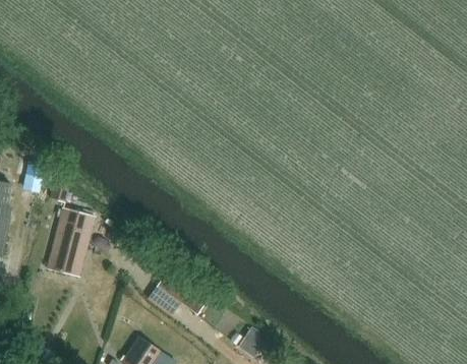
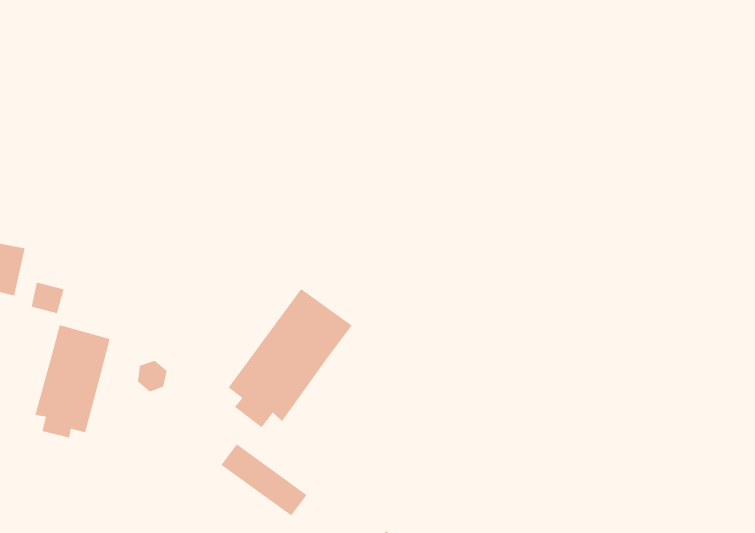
building: none -> [228,288,352,428]

